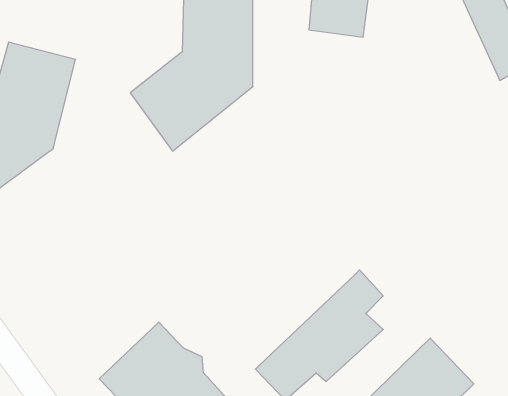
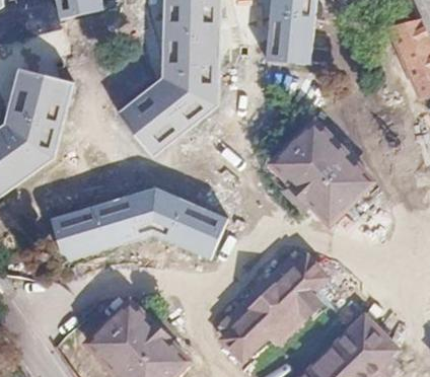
building: none -> [273,120,372,222]
building: none -> [48,186,229,261]

